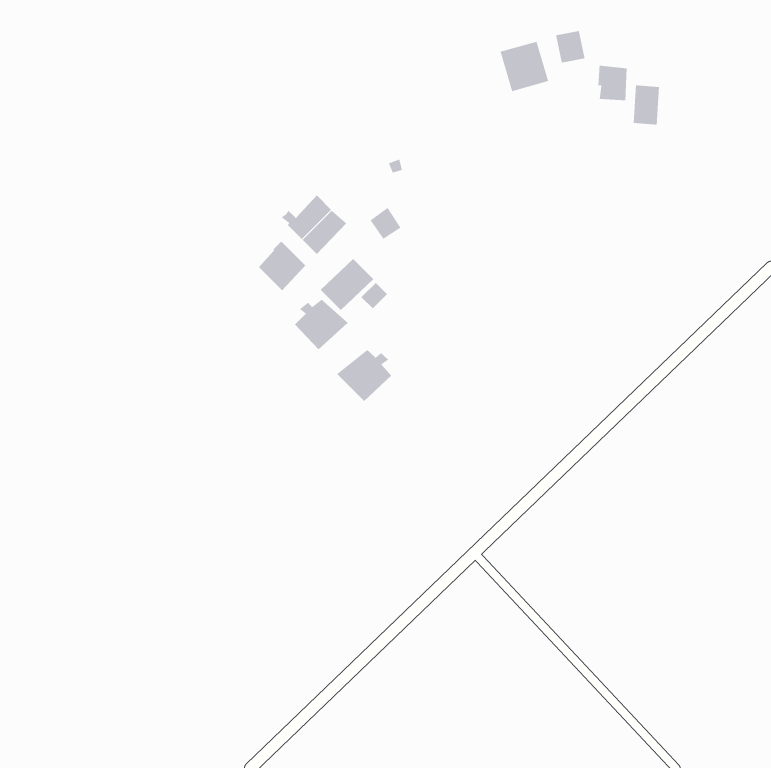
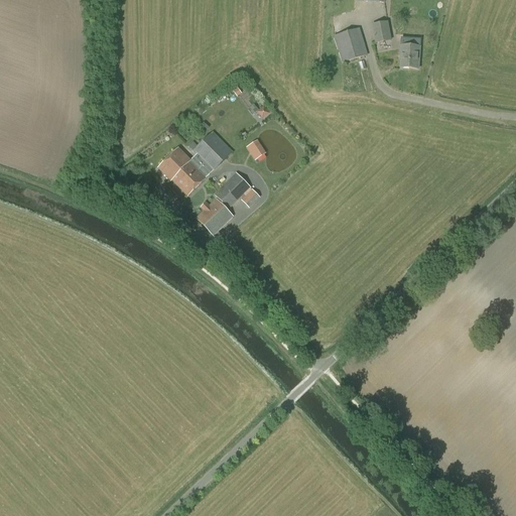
building: [633,85,660,126] -> none
building: none -> [158,148,189,179]
building: [336,349,392,402] -> none

